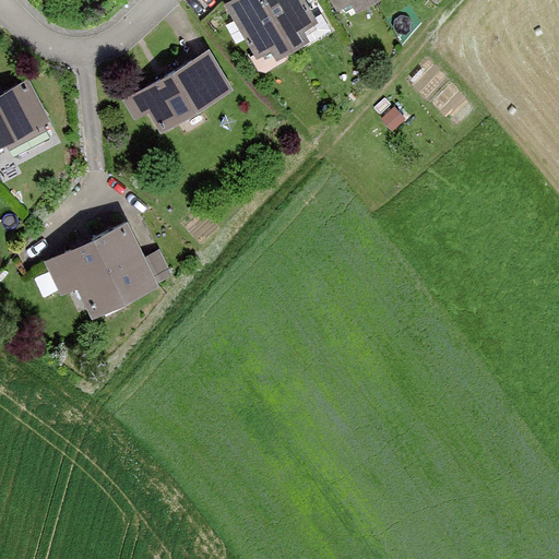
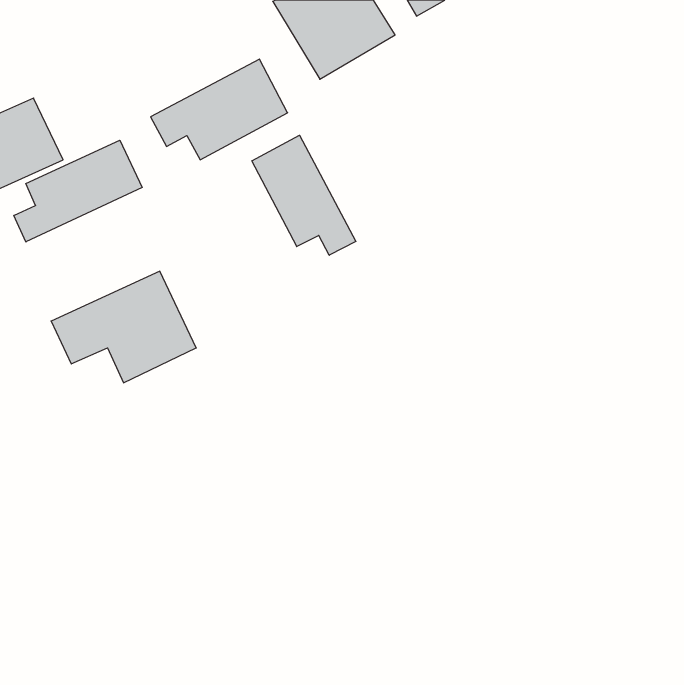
building: none -> [252,135,356,255]
building: none -> [14,140,142,242]

